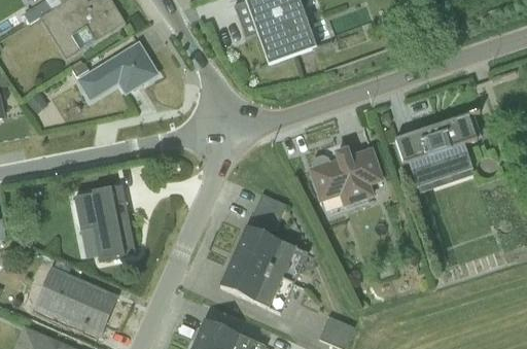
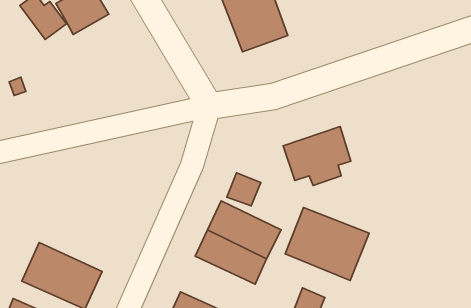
building: [75,41,160,103] -> none
building: [393,114,478,187] -> none
building: [75,189,134,259] -> none
building: none -> [285,207,369,281]

